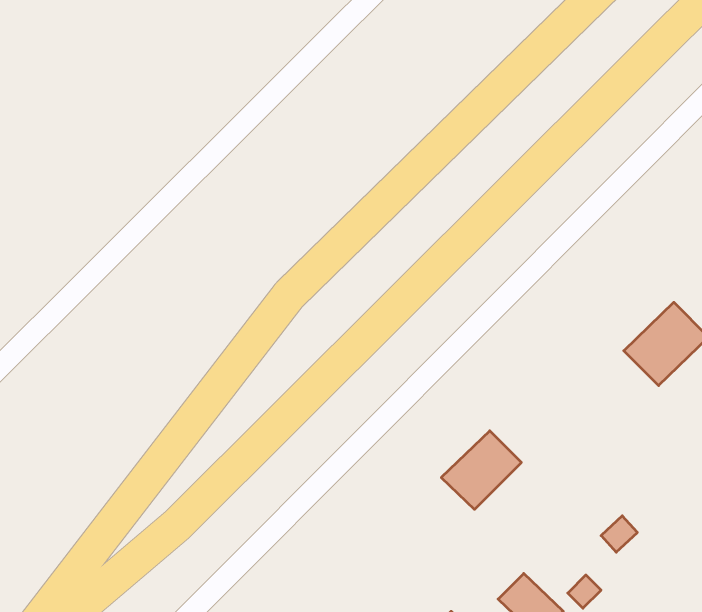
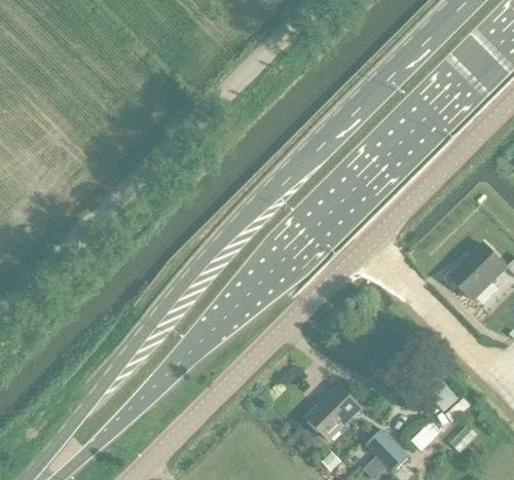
building: [441,431,521,509] -> [306,386,361,440]

